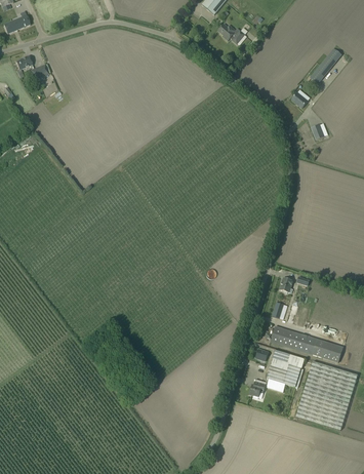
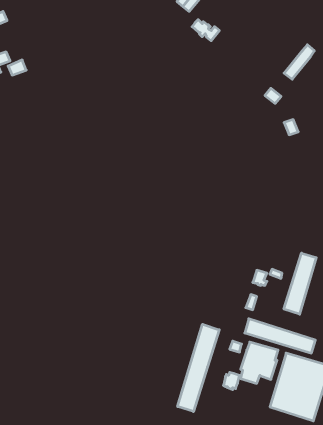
building: none -> [284,253,316,314]
building: none -> [178,324,219,412]

